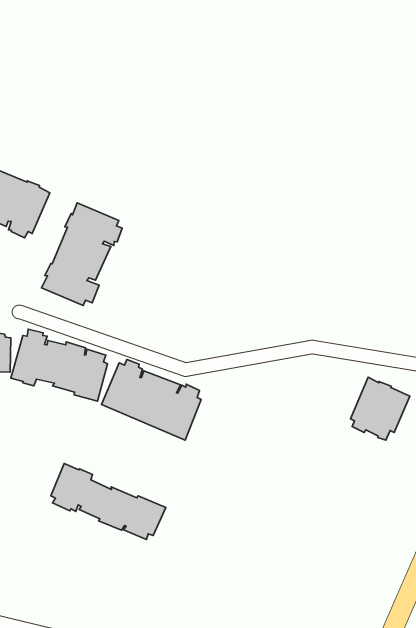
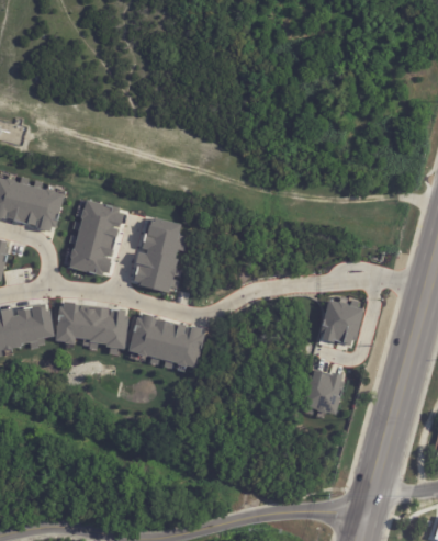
building: none -> [133,217,180,293]
building: [51,464,166,539] -> none
building: none -> [304,370,342,414]

